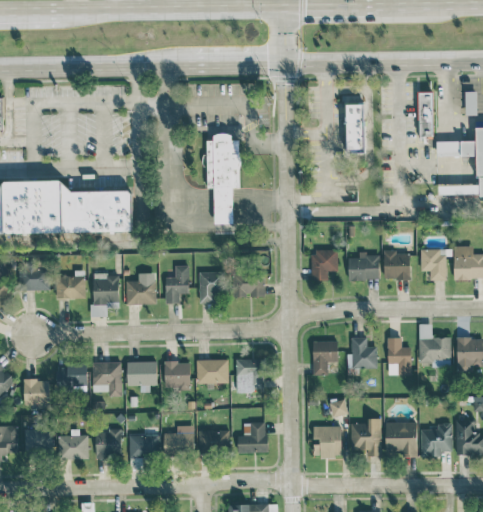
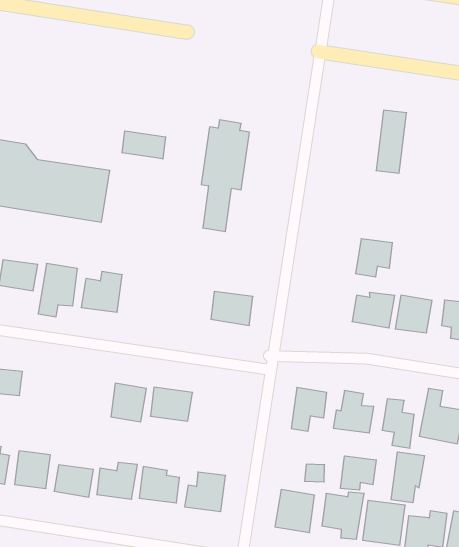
building: none -> [122,131,166,159]
building: [311,250,338,280] -> [355,239,393,277]
building: [165,265,189,304] -> none
building: [198,272,224,306] -> none
building: [236,358,264,392] -> none
building: [92,362,122,396] -> none
building: [127,362,158,386] -> none
building: none -> [391,452,424,503]
building: none -> [340,456,376,490]

